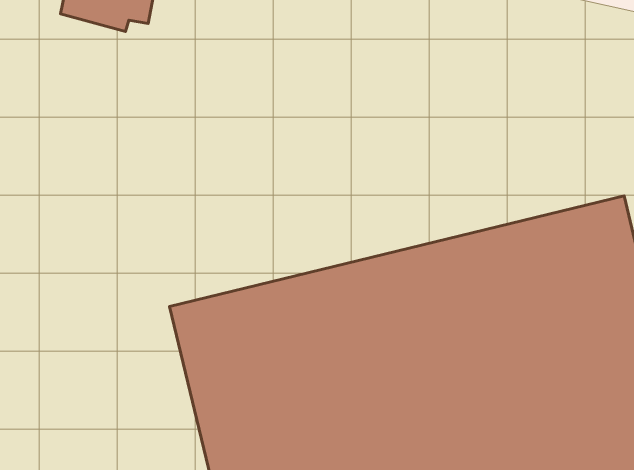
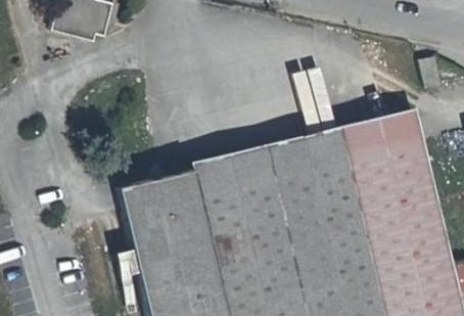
building: none -> [121,117,412,210]

